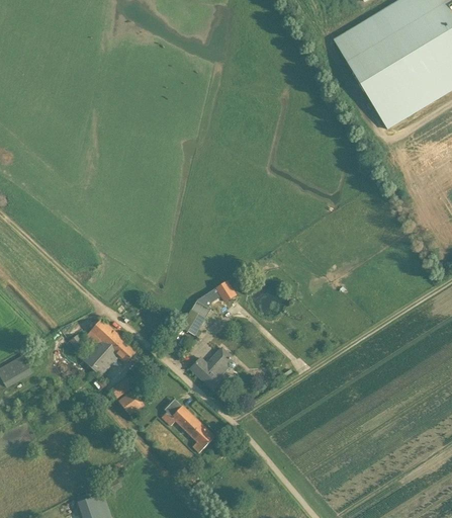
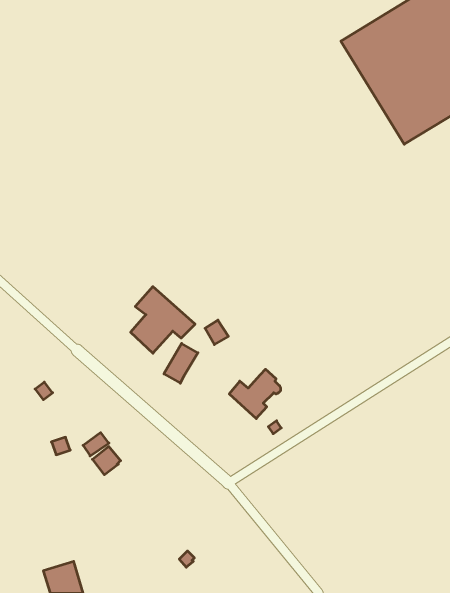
building: [82,319,138,376] -> [131,287,195,353]
building: [191,347,236,390] -> [229,369,281,419]
building: [161,405,214,452] -> none

